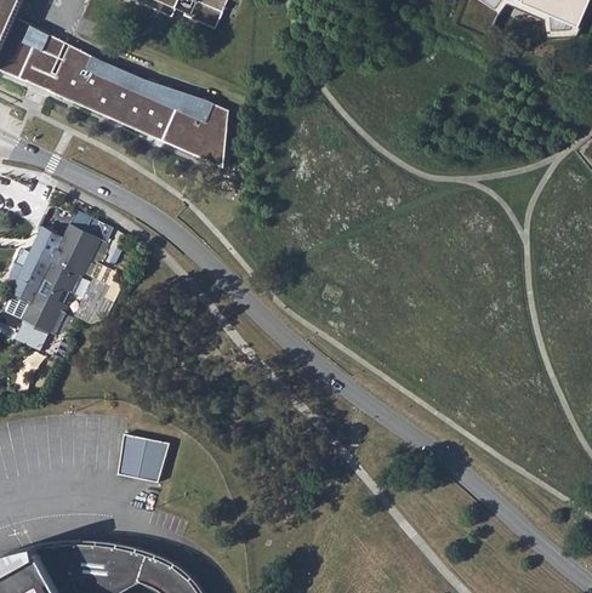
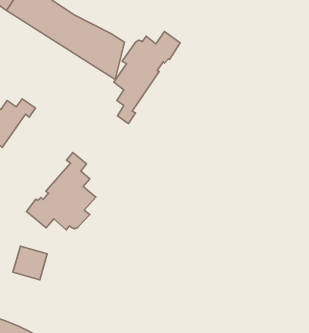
building: none -> [114,32,180,124]
building: none -> [27,152,96,230]

